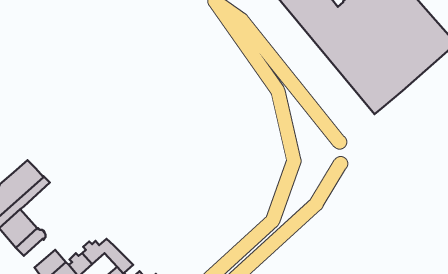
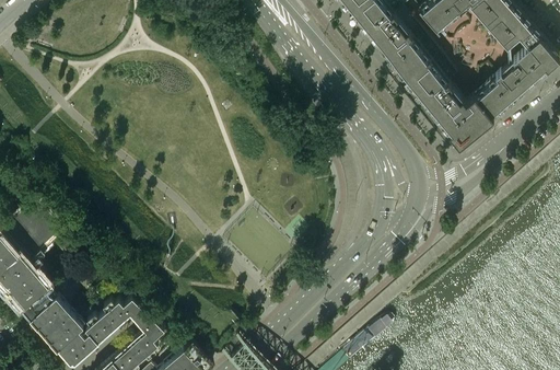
building: none -> [32,299,70,335]

